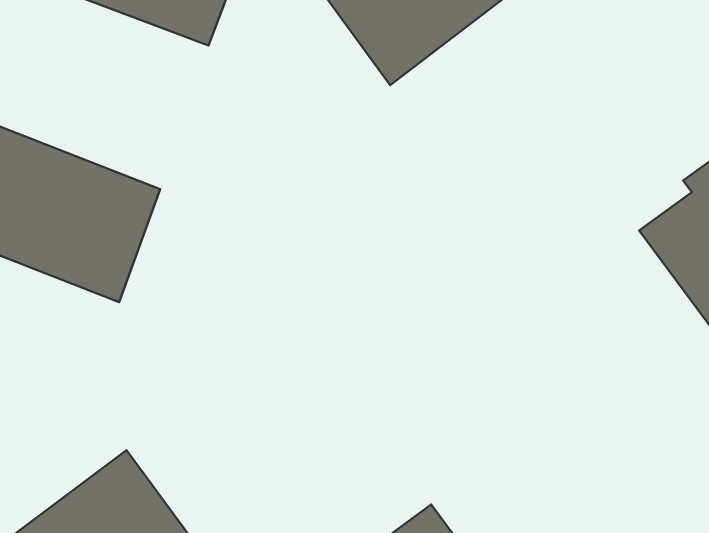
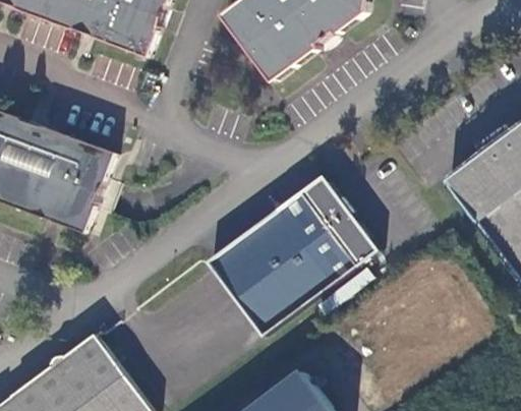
building: none -> [209,176,377,335]

